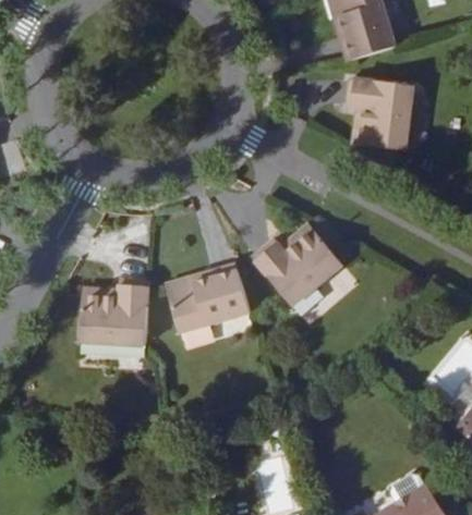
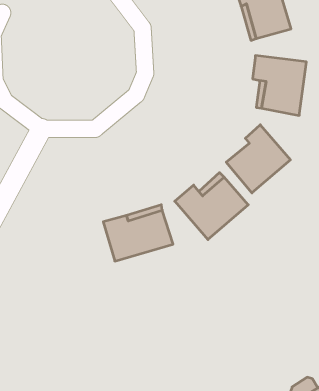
building: none -> [226,125,290,193]
building: [80,283,147,344] -> none

